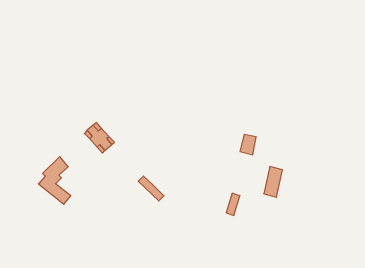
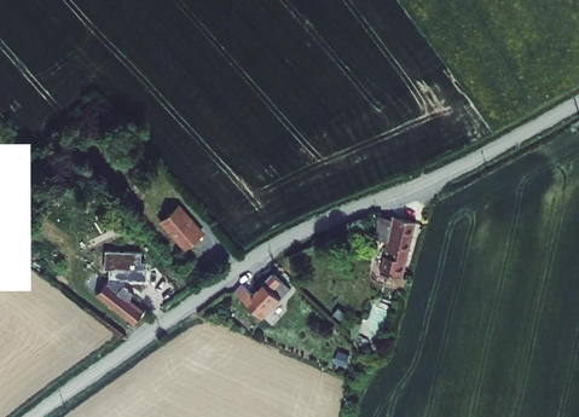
building: [264,167,283,197] -> [375,247,401,290]
building: none -> [260,274,295,309]

